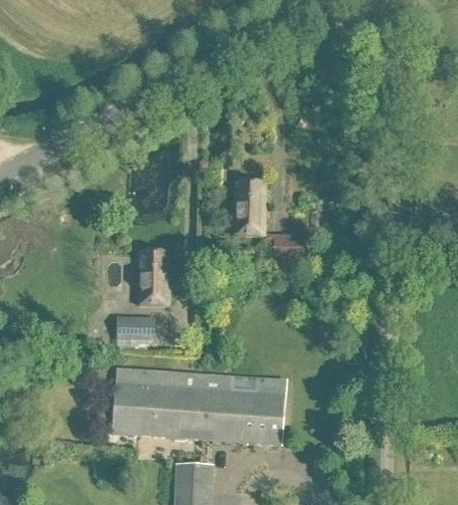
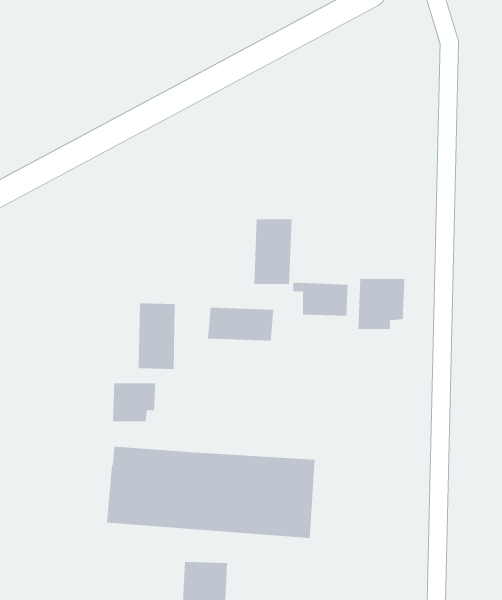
building: none -> [358,278,405,330]
building: none -> [208,307,274,341]

